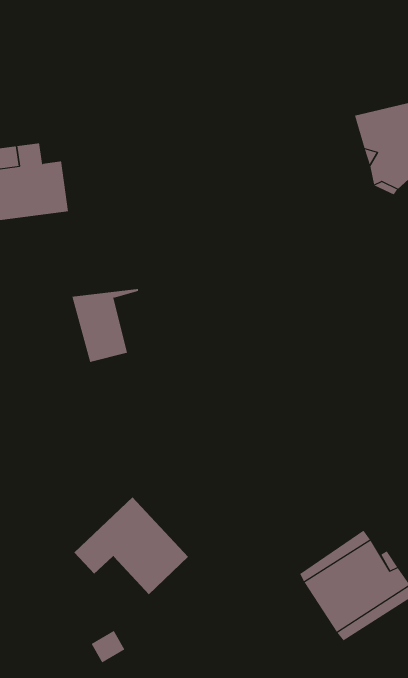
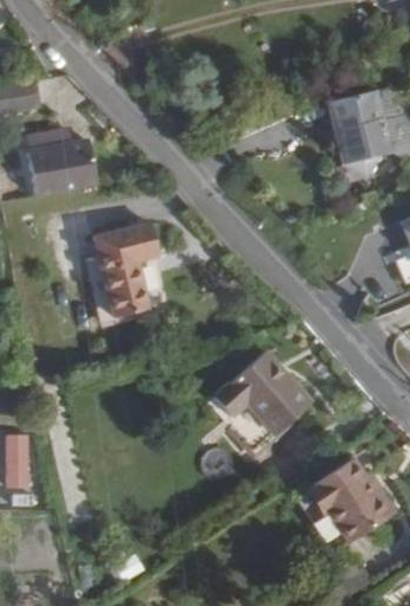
building: none -> [94,220,158,258]
building: [73,496,189,595] -> [211,354,310,439]

